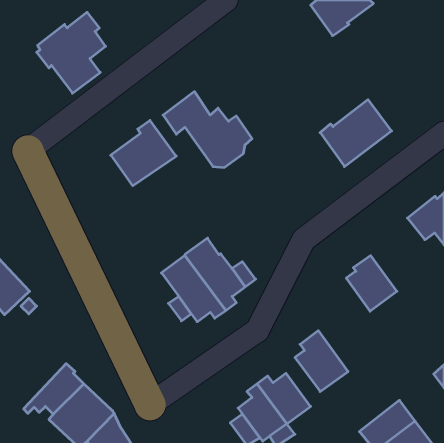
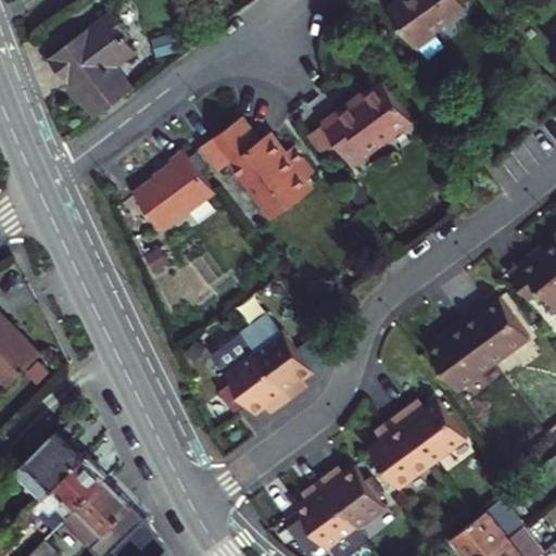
building: [320,100,392,167] -> [321,81,410,165]
building: none -> [462,301,526,366]
building: none -> [396,399,467,466]
building: none -> [13,428,83,497]

